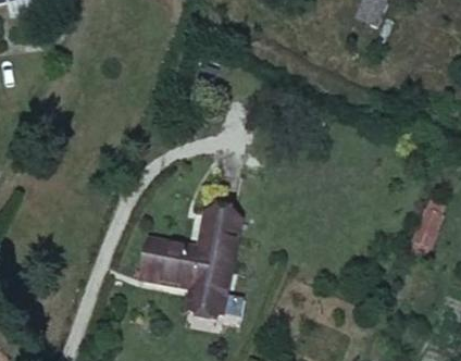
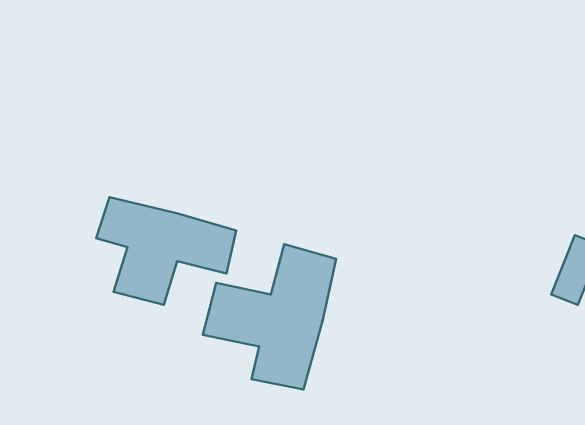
building: none -> [96,197,236,305]

